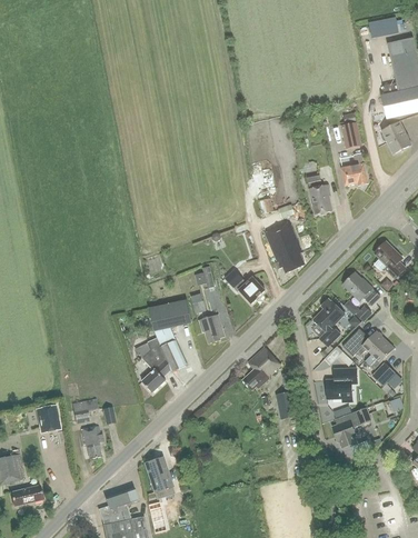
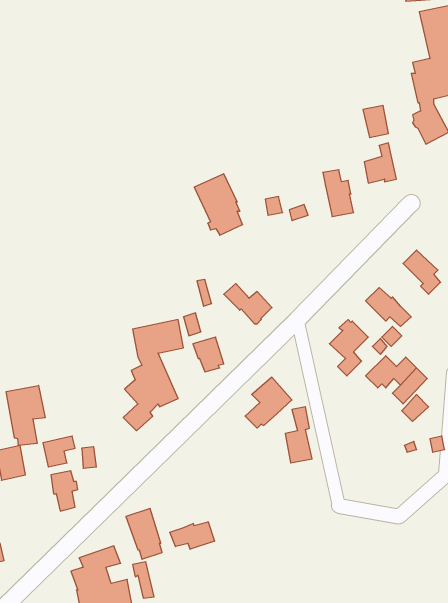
building: [265,221,305,272] -> [194,174,243,235]
building: none -> [6,385,45,446]
building: [326,368,357,401] -> none
building: [331,407,371,447] -> none
building: none -> [170,522,215,549]

